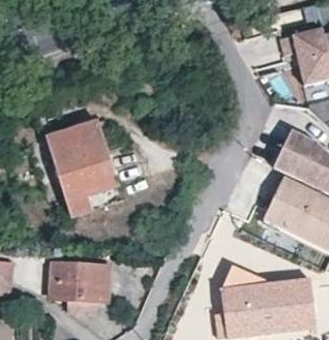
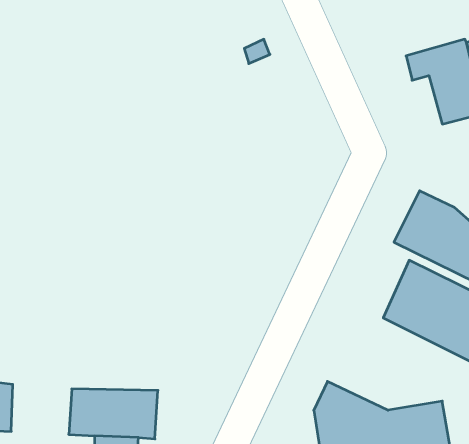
building: [43,121,118,217] -> none

